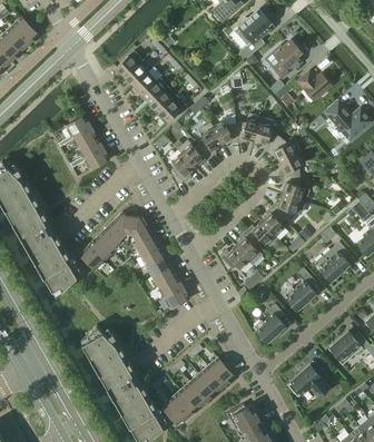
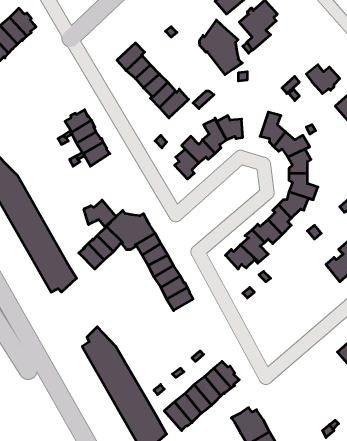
building: none -> [200,20,242,75]
building: [265,40,302,79] -> none
building: [236,115,262,143] -> none
building: none -> [84,200,116,227]
building: [284,268,316,312] -> none
building: [253,304,285,343] -> none
building: [287,365,329,397] -> none

